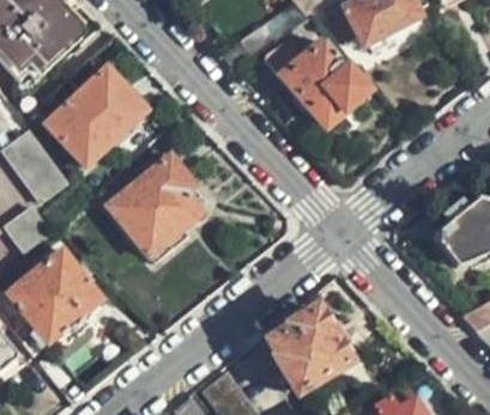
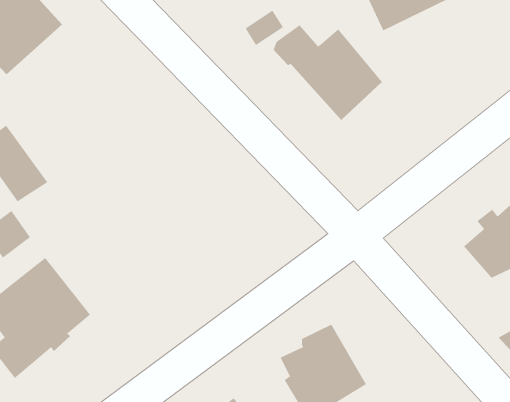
building: [46,66,144,163] -> none
building: [109,149,200,261] -> none

